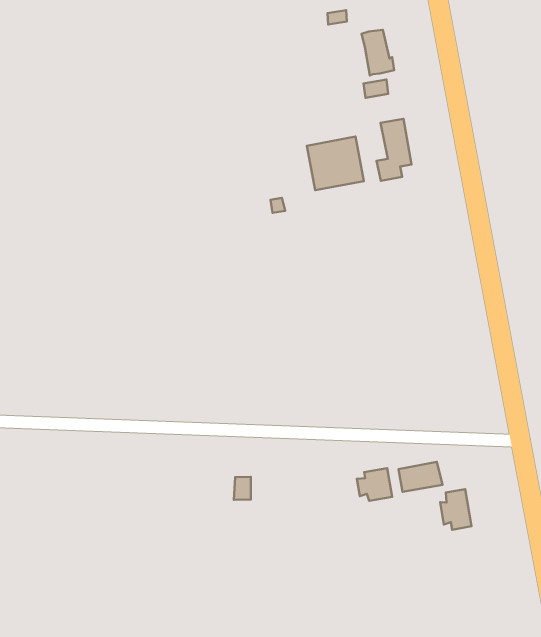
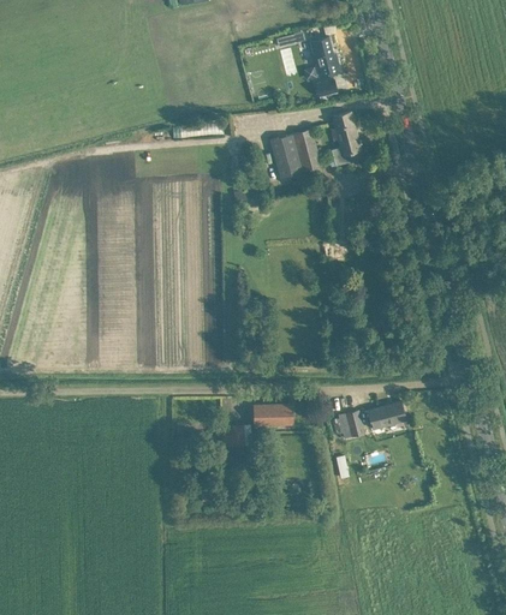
building: none -> [254,405,292,425]
building: [440,489,472,530] -> none

